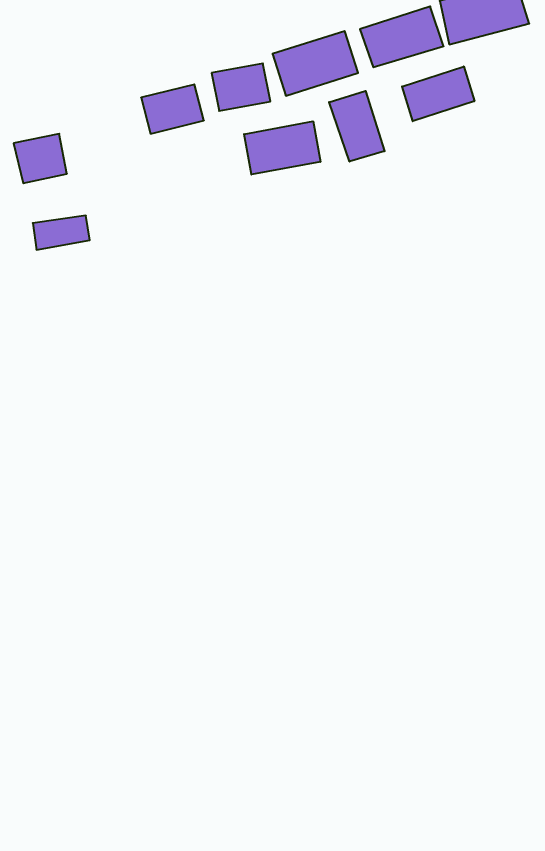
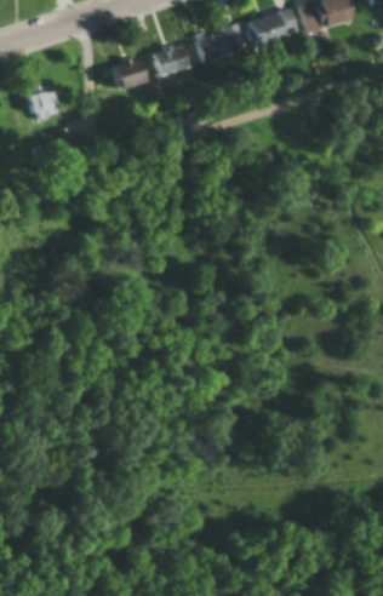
building: [402,66,474,121] -> none
building: [329,91,385,162] -> none
building: [244,121,320,175] -> none

